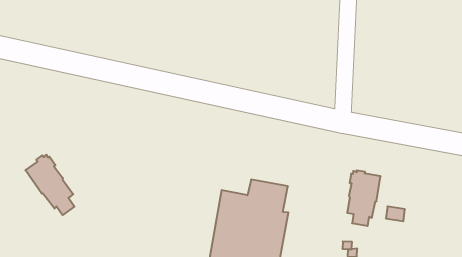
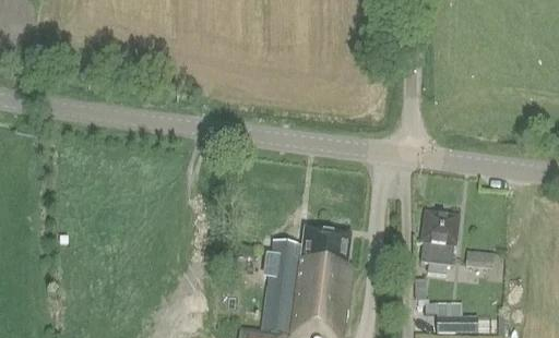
building: [25,155,74,215] -> none

